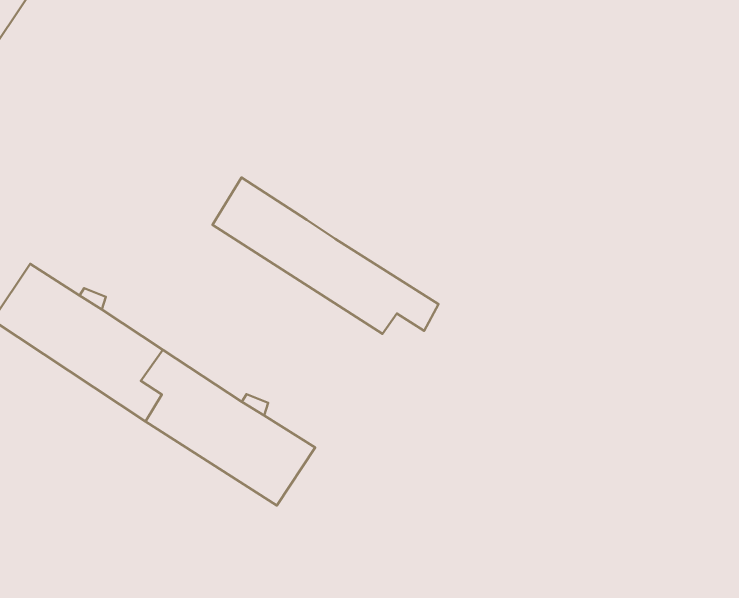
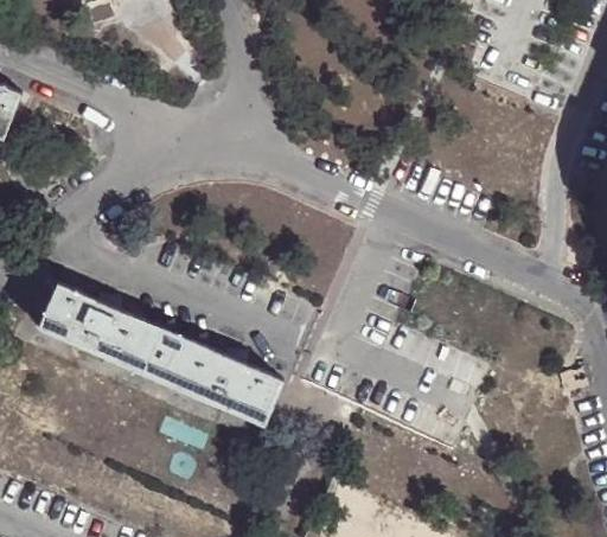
building: [213,178,439,334] -> none

